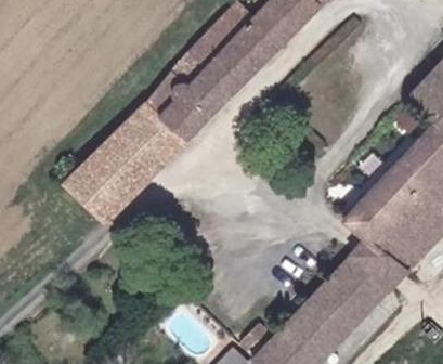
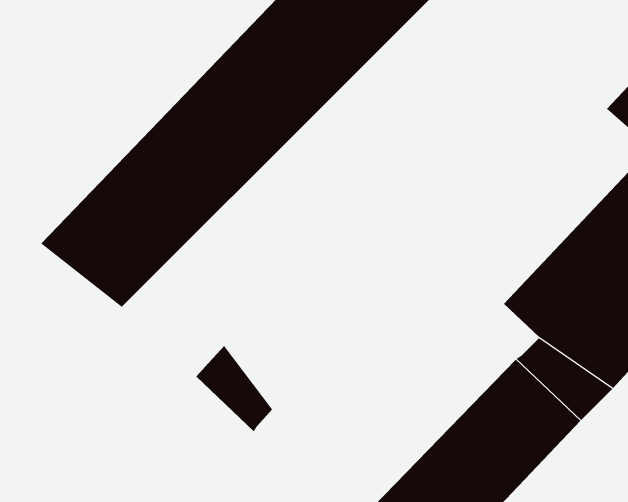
building: none -> [196,345,273,432]

